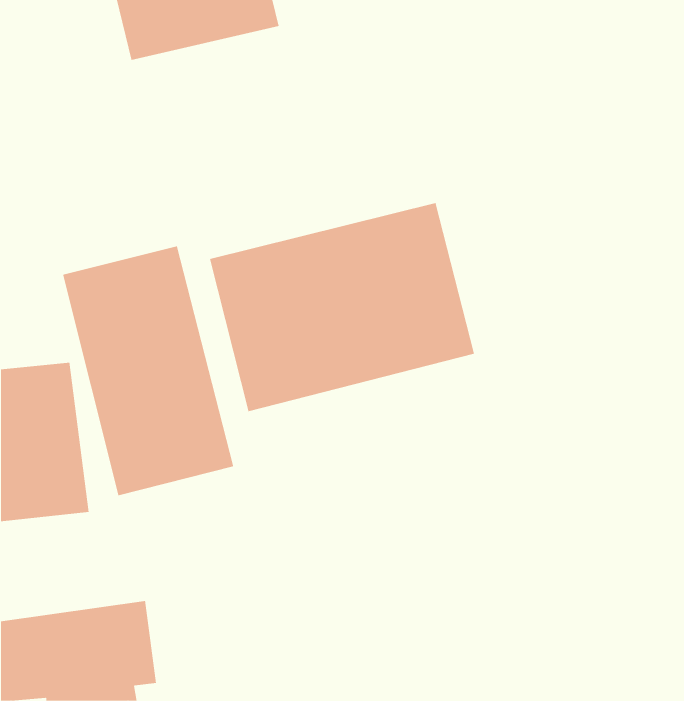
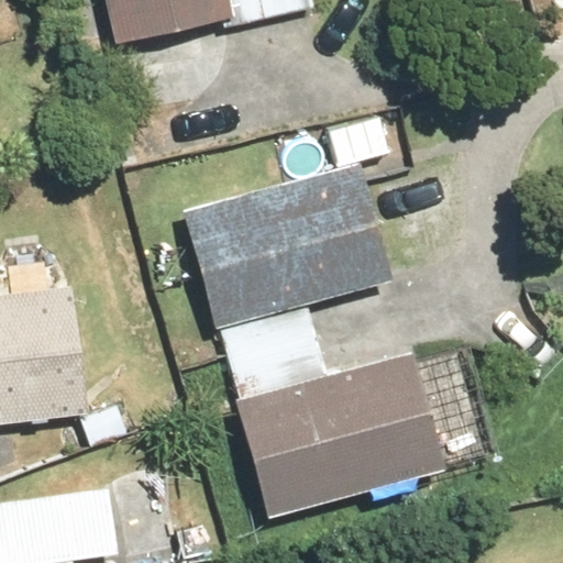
building: [63,246,234,496] -> none
building: none -> [232,355,443,518]

